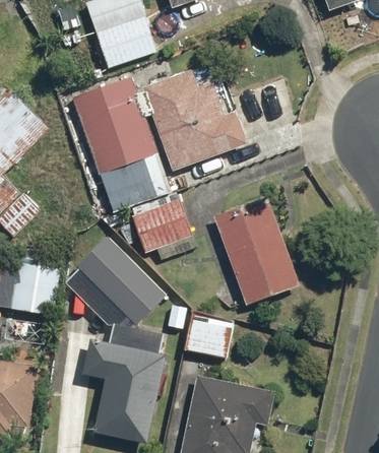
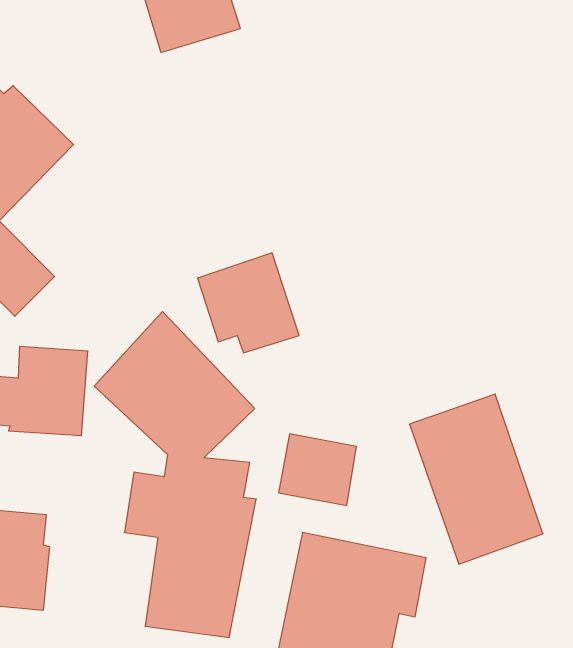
building: [144,71,246,170] -> none
building: [72,78,173,211] -> none
building: [213,197,299,306] -> [409,394,543,564]

